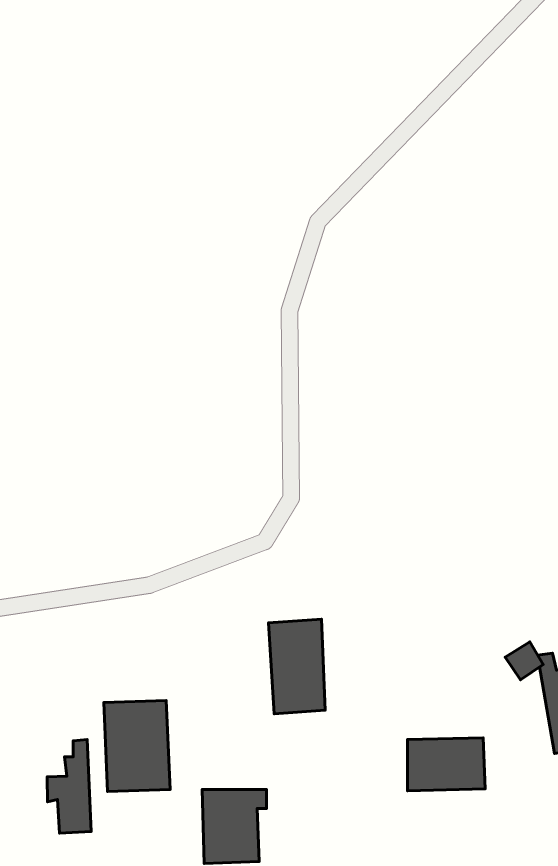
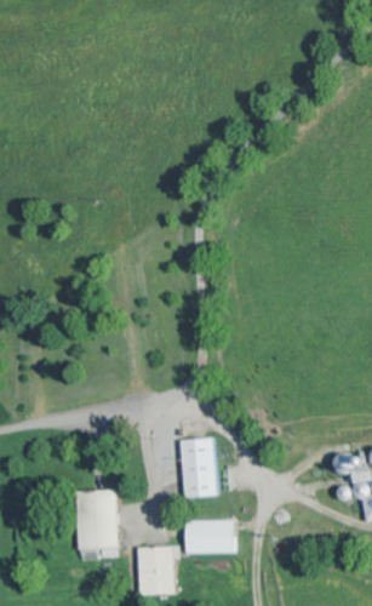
building: [408,738,485,791] -> [185,520,235,554]
building: [47,739,91,833] -> none

